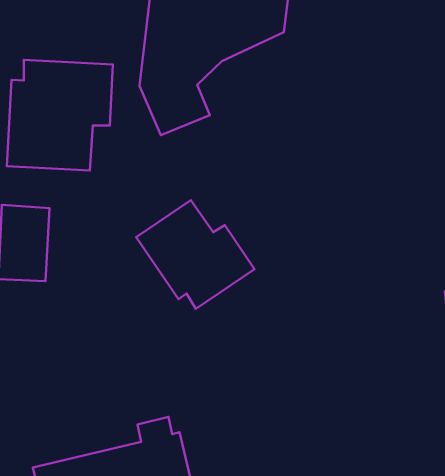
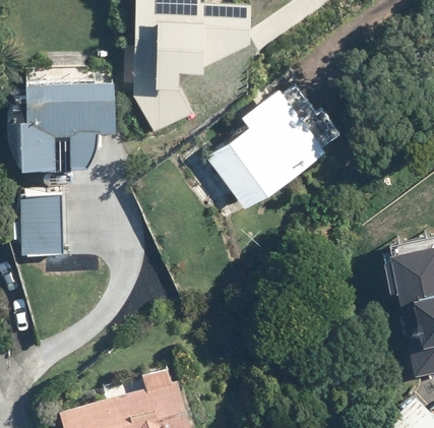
building: none -> [207,86,340,206]
building: [136,200,254,309] -> none

